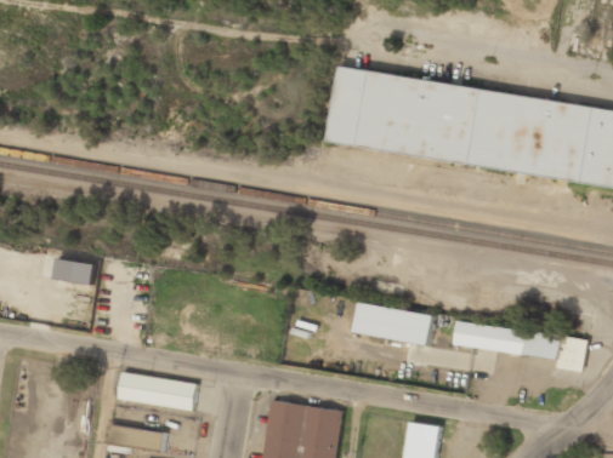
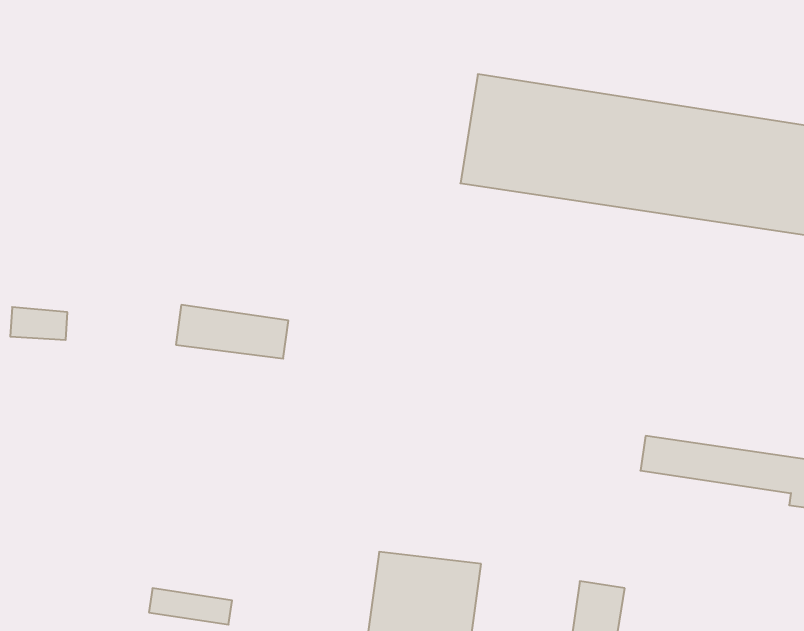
building: [55,258,95,281] -> [10,307,67,340]
building: [353,303,432,345] -> none
building: [118,373,197,411] -> [176,305,288,359]

